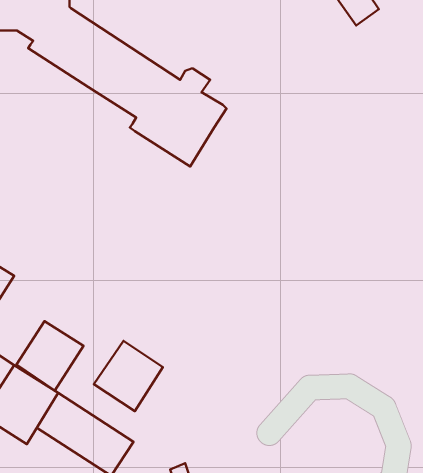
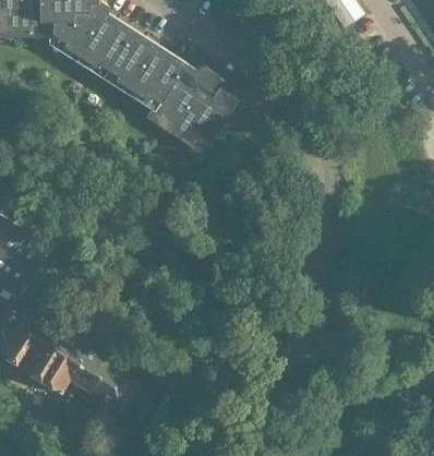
building: [16,321,83,391] -> none
building: [94,341,163,411] -> none

